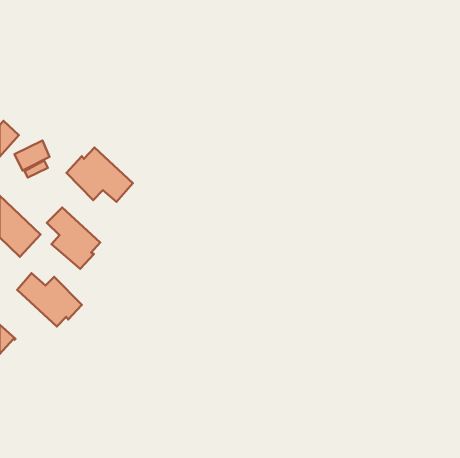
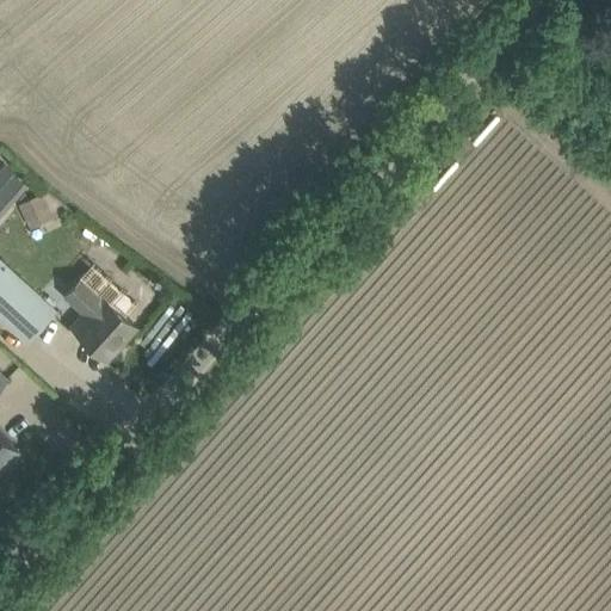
building: [67,148,133,202] -> none
building: [17,273,82,327] -> none

